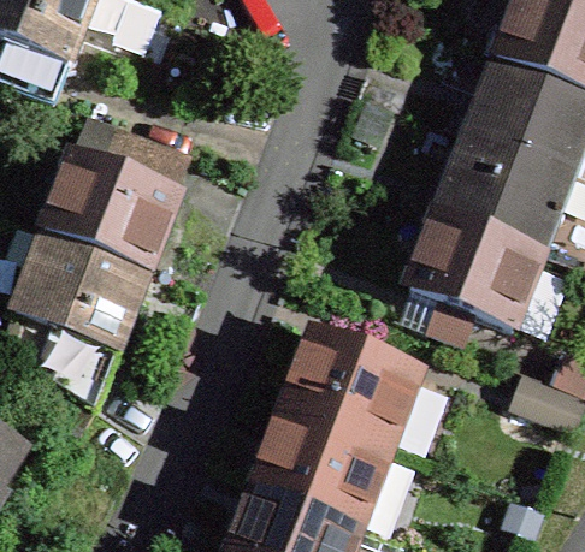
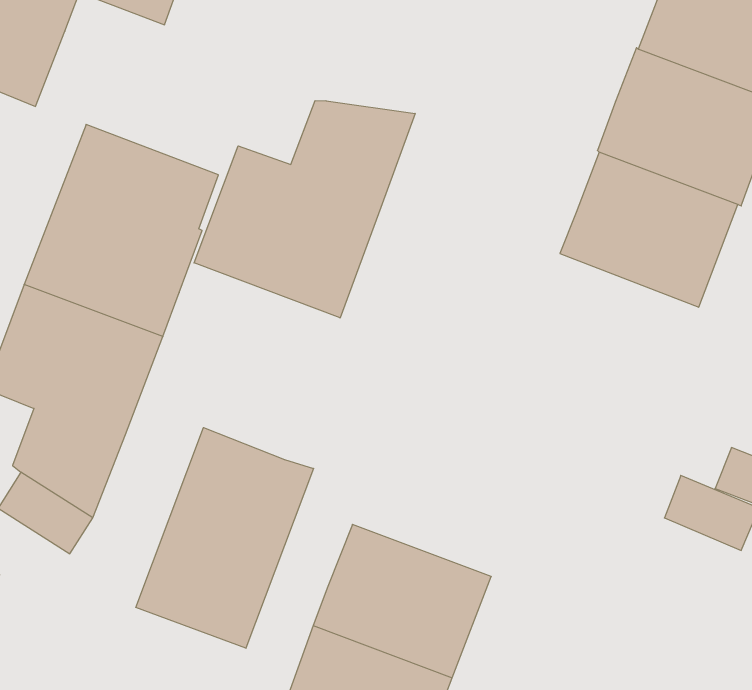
building: none -> [194,101,415,318]
building: [409,212,540,328] -> none
building: [285,333,416,450] -> none
building: none -> [136,428,314,648]

